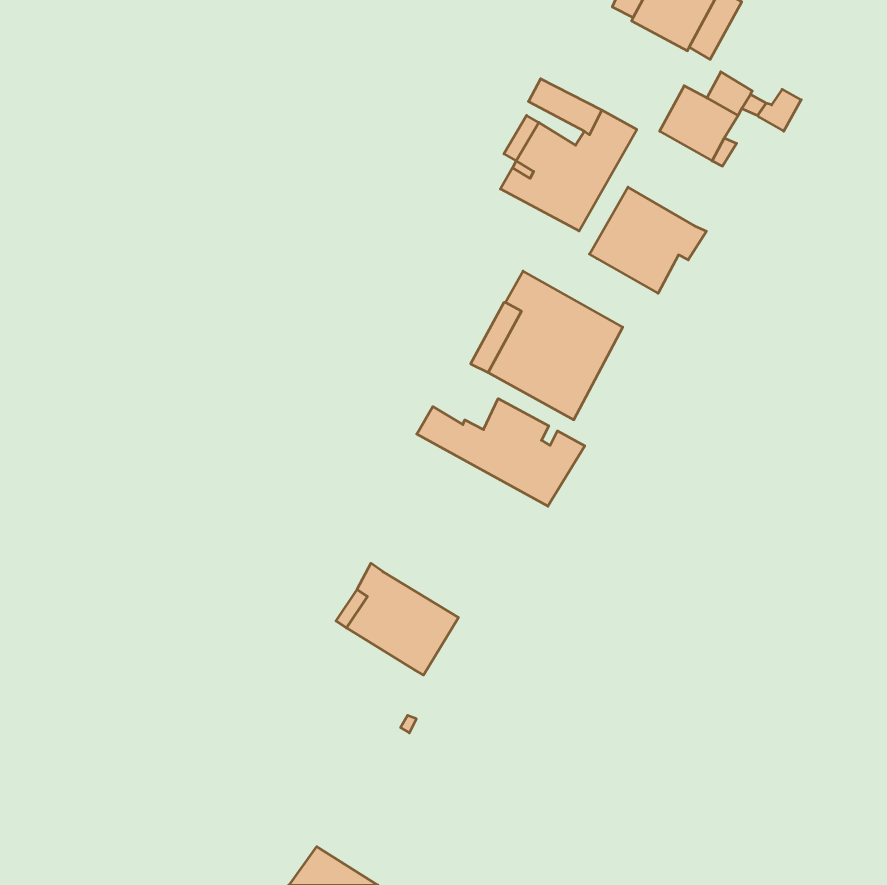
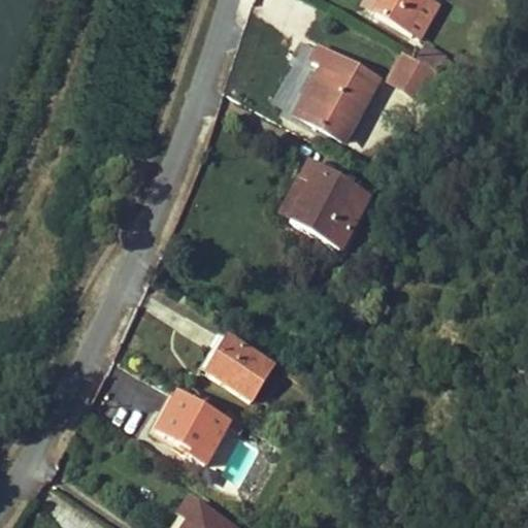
building: [589,187,706,293] -> none
building: [417,399,585,506] -> none
building: none -> [153,391,230,462]

